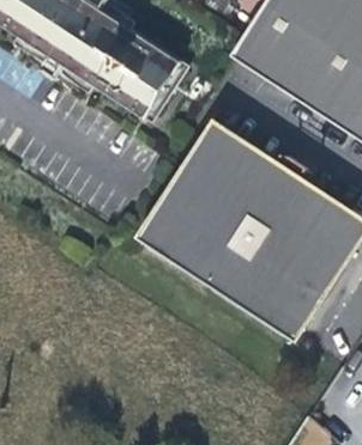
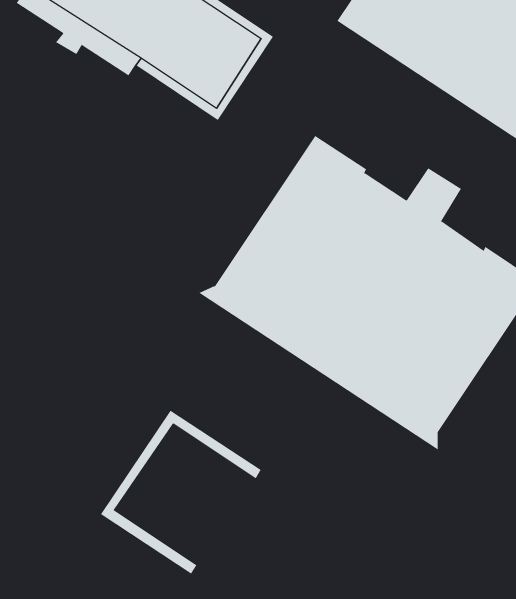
building: none -> [100,410,262,574]

